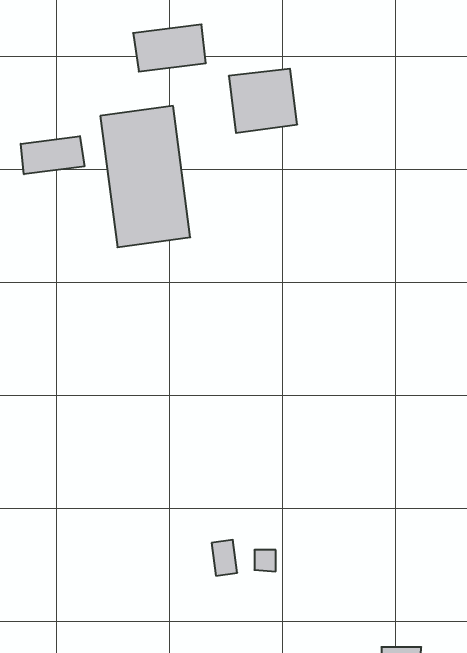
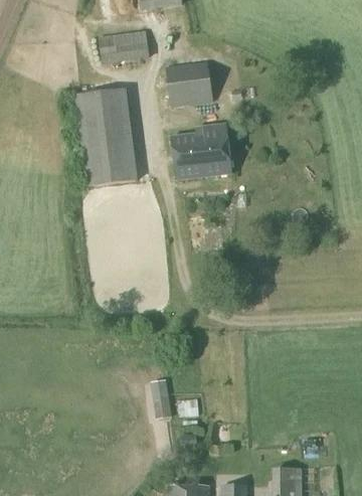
building: [21,136,84,174] -> none
building: none -> [171,123,232,178]

